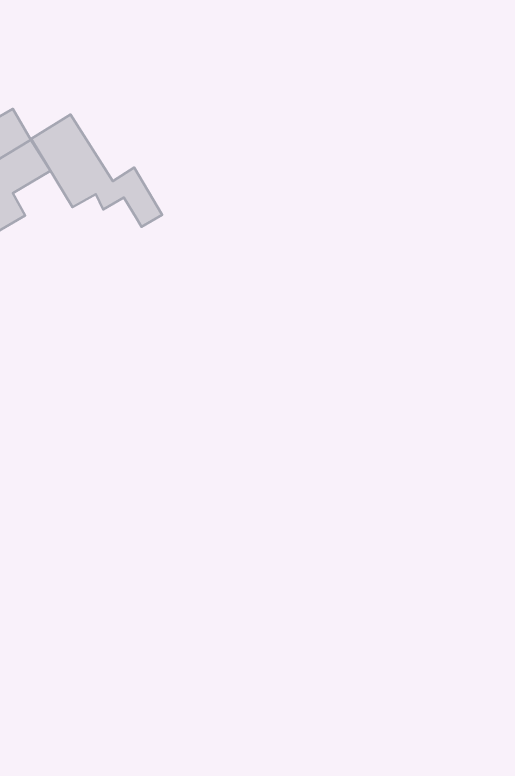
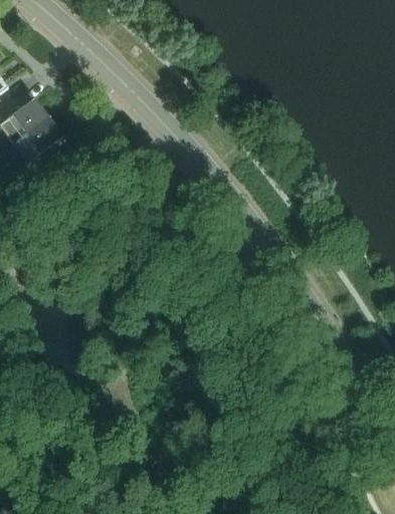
building: [31,115,162,227] -> none

